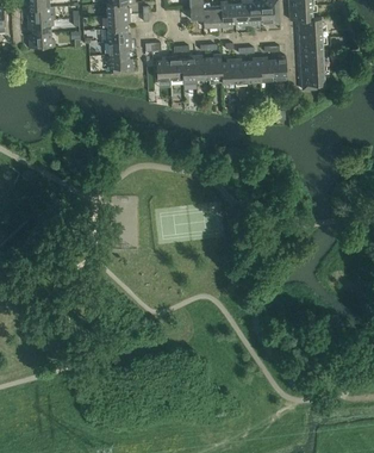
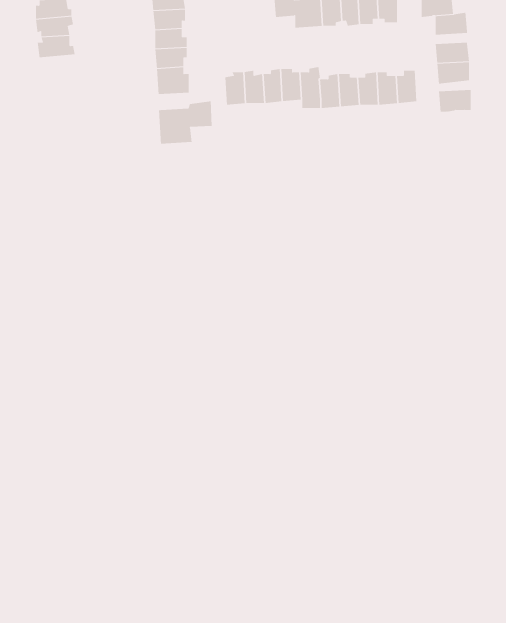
building: none -> [158,101,212,144]

